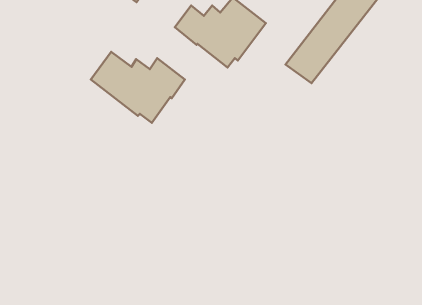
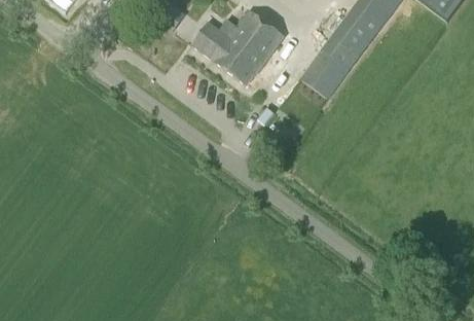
building: [91,52,185,123] -> none

